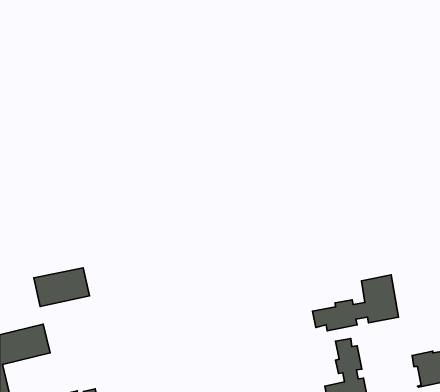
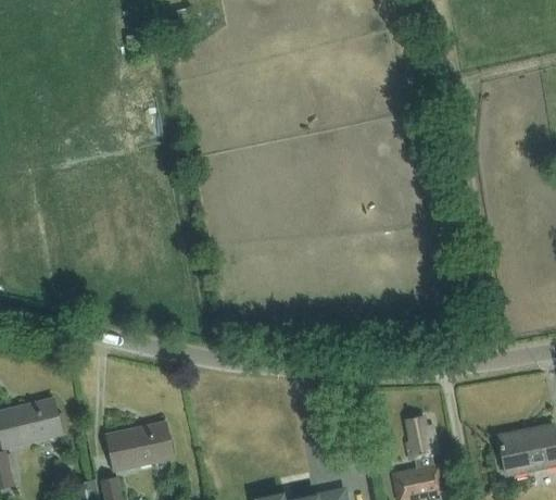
building: [34,268,90,307] -> [106,422,174,468]
building: [312,275,398,331] -> none

